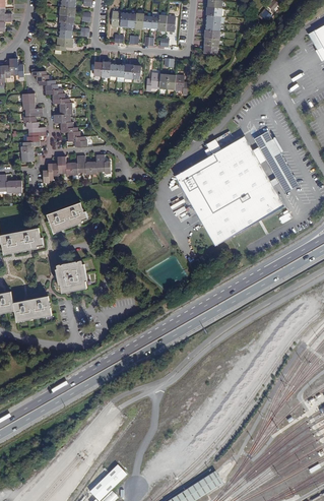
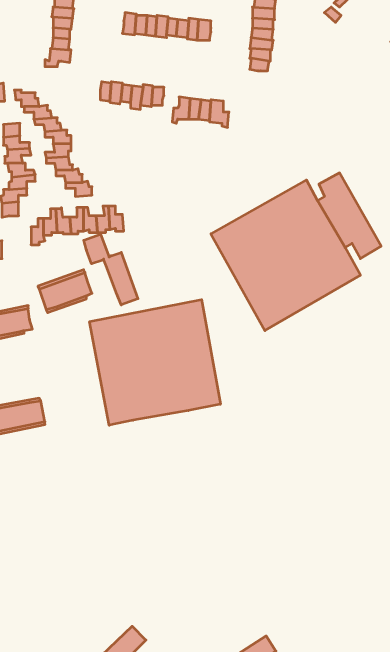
building: none -> [84,234,138,305]
building: none -> [90,300,220,425]
building: [58,260,87,291] -> none

